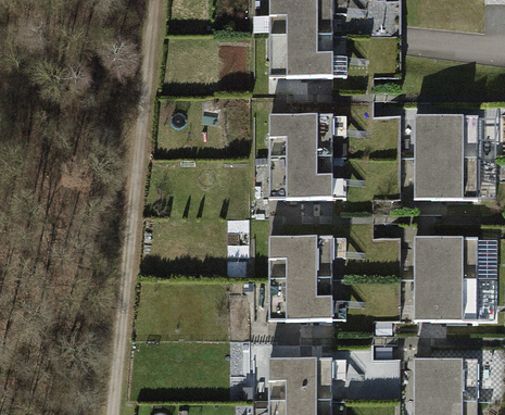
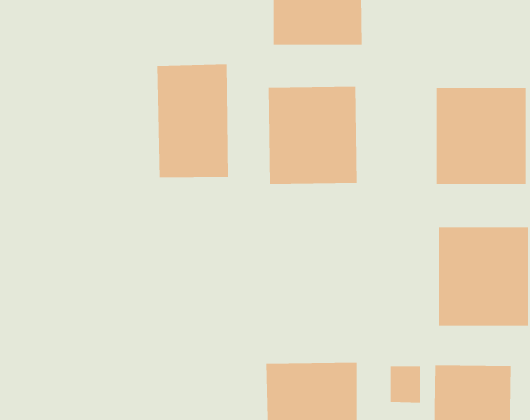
building: none -> [157,63,229,178]
building: [267,235,349,322] -> none

